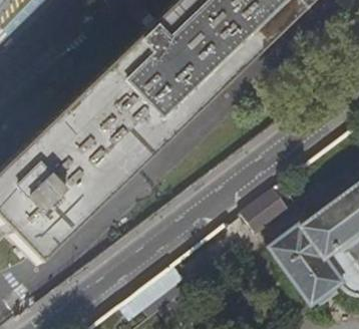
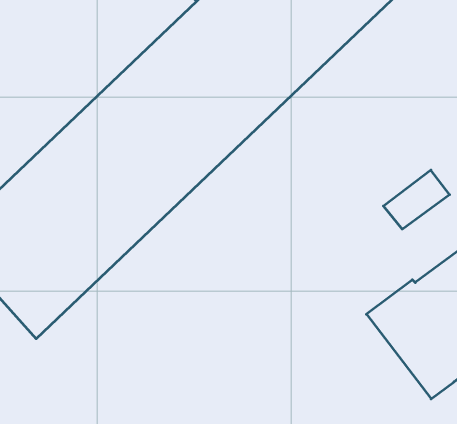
building: [245,190,291,231] -> [383,170,450,229]

